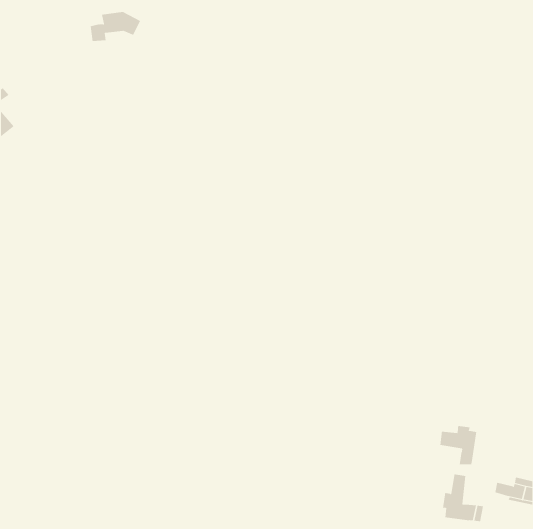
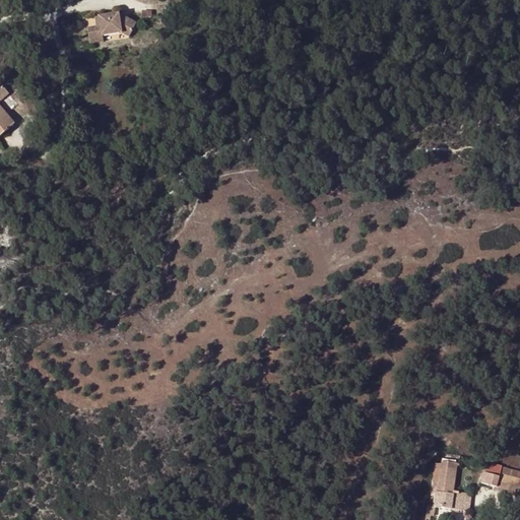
building: [440,425,477,465] -> none

